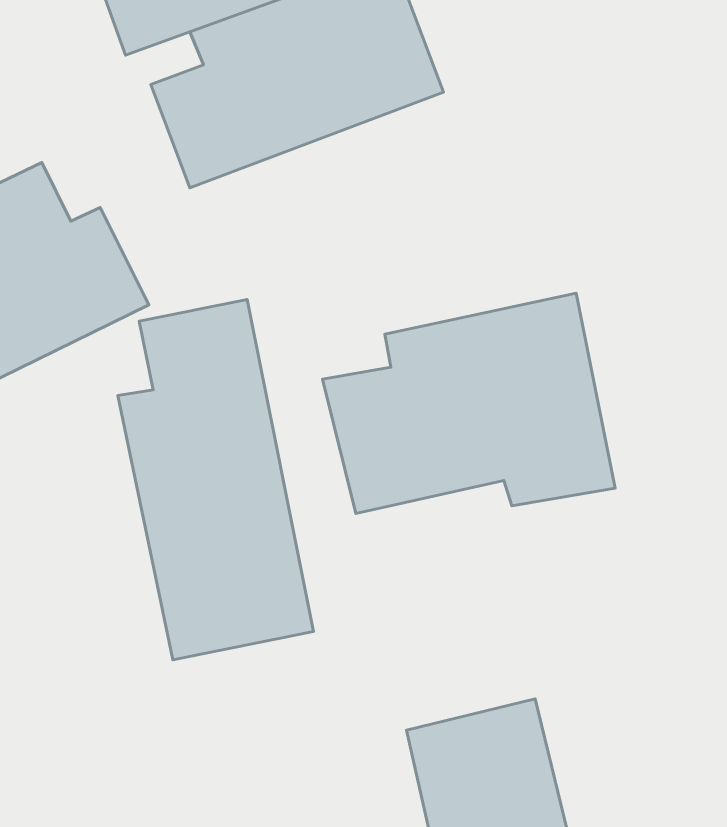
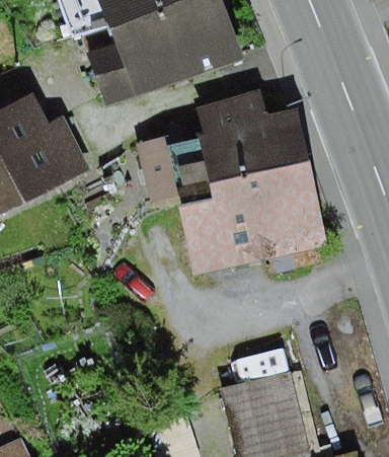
building: none -> [137,89,310,205]
building: [118,300,314,660] -> none

